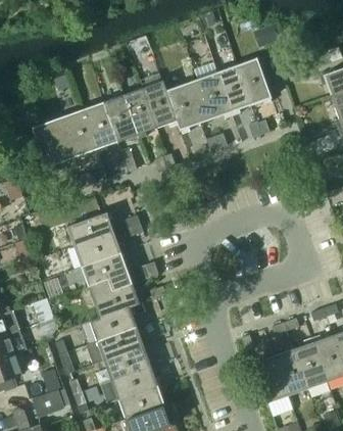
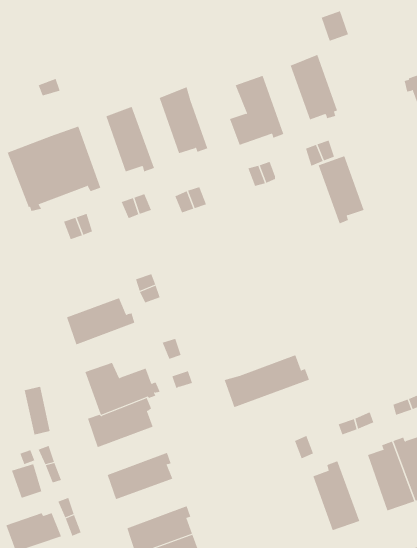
building: [217,64,251,114] -> [318,155,364,224]
building: [165,79,205,133] -> none
building: [122,88,156,139] -> none
building: [84,101,117,153] -> none
building: [66,212,113,247] -> none
building: [82,251,133,291] -> none
building: [86,327,148,366] -> [224,354,310,408]
building: [272,347,307,395] -> none
building: [99,365,162,403] -> none

